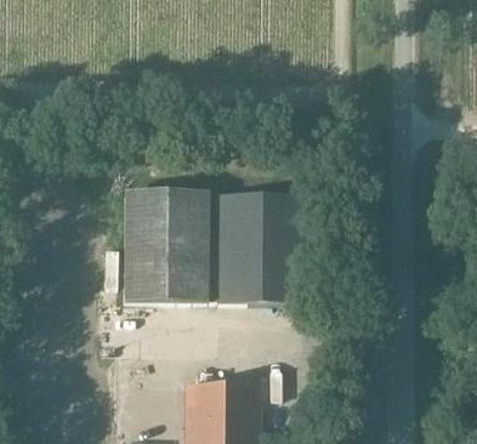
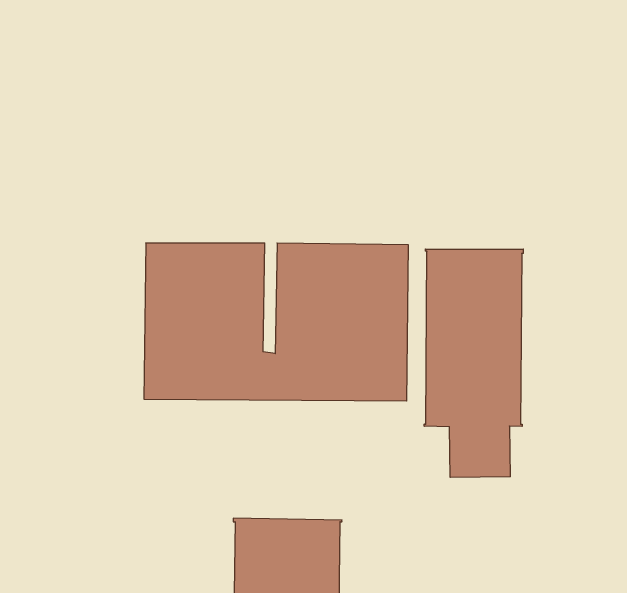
building: none -> [424,249,523,477]

